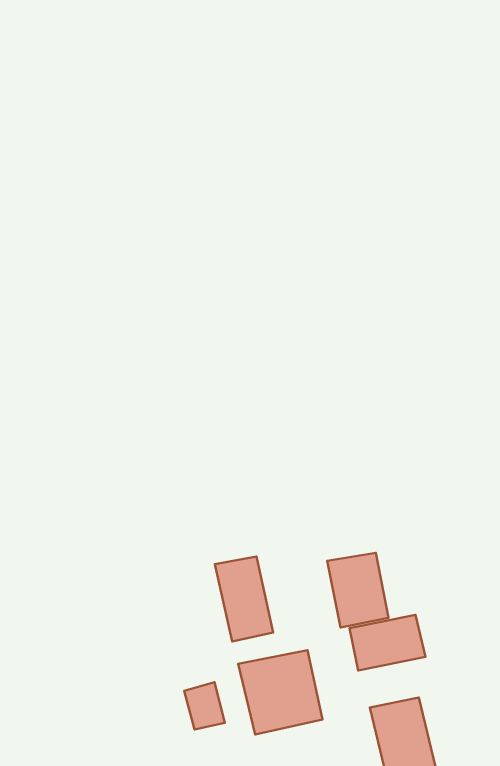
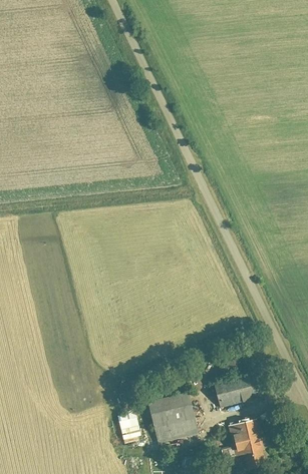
building: [327,553,388,628] -> none
building: [215,557,273,642] -> none

